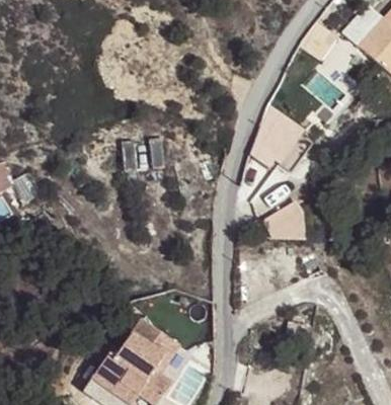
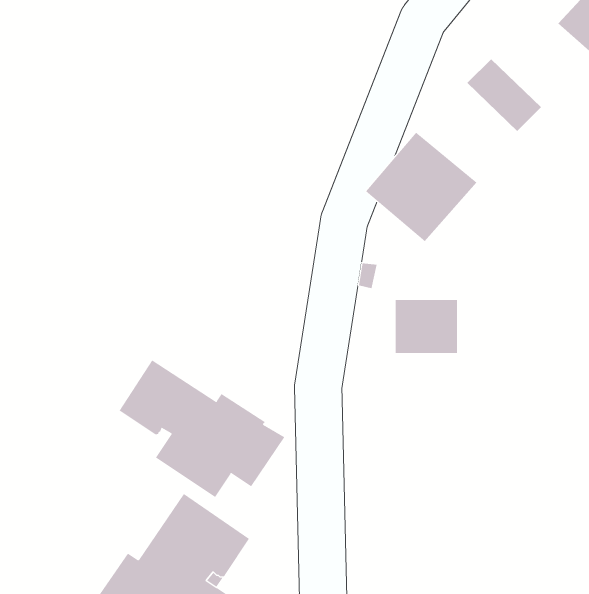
building: none -> [119,359,285,498]

